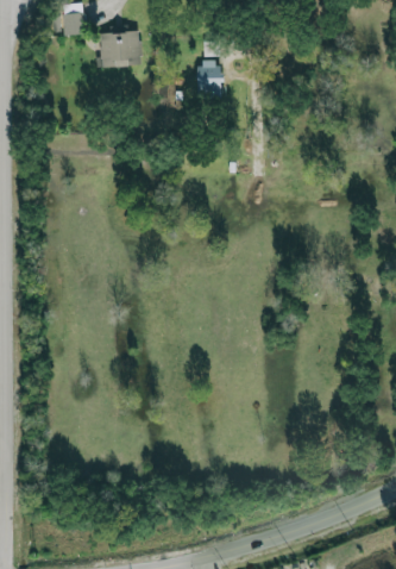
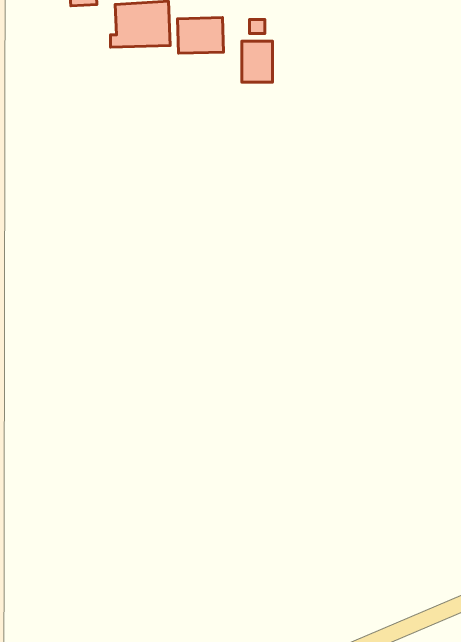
building: none -> [178,18,223,53]

